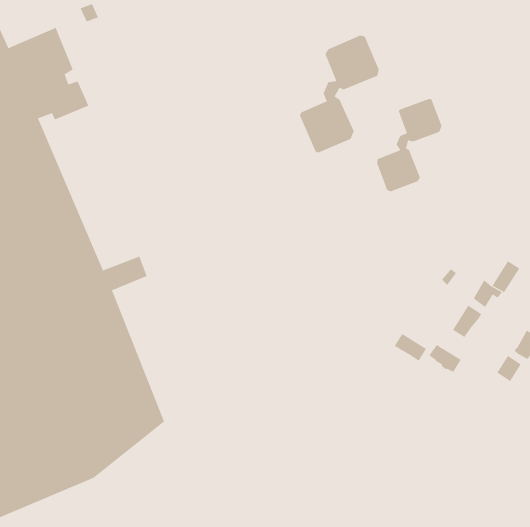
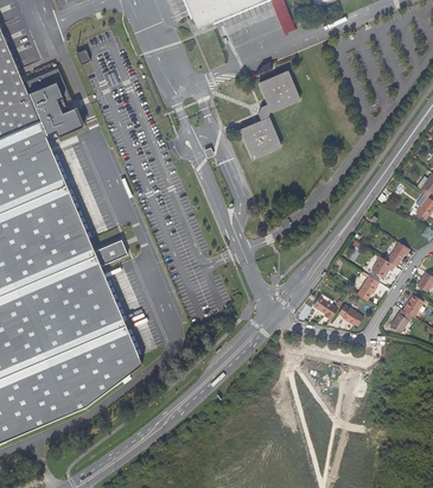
building: [377,98,442,192] -> none

